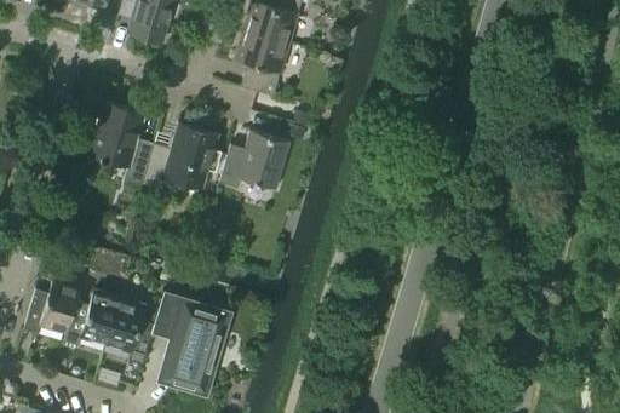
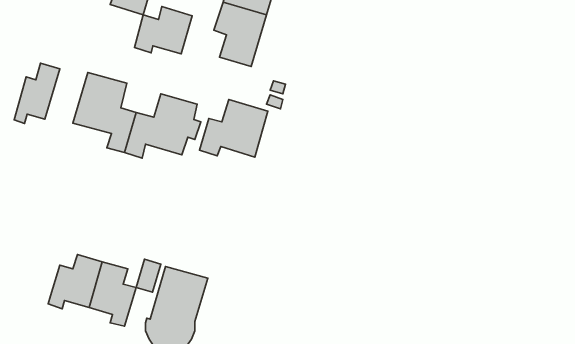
building: none -> [135,7,192,54]
building: none -> [14,63,60,123]
building: [23,279,80,334] -> none

